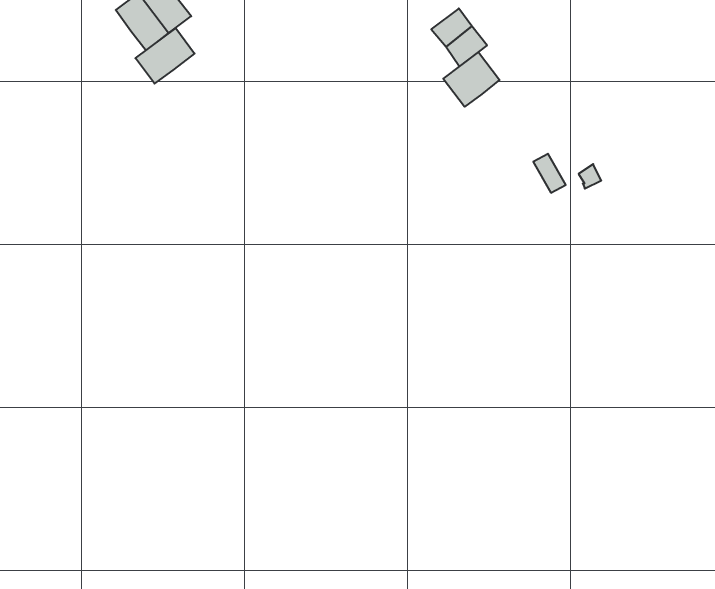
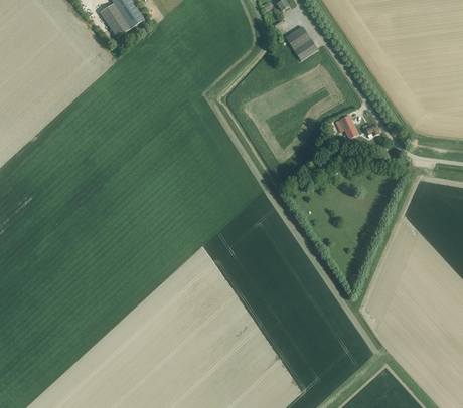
building: [135,28,195,84] -> none
building: [443,52,500,107] -> none

